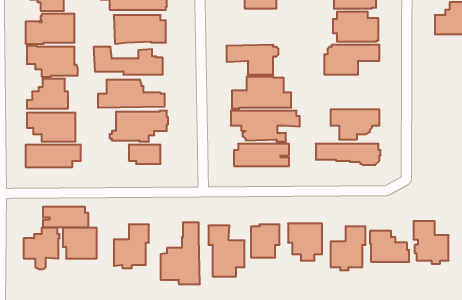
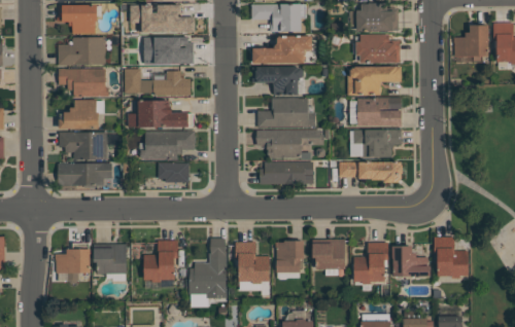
building: none -> [252,35,311,63]
building: none -> [357,97,401,126]
building: [43,207,88,227] -> none

